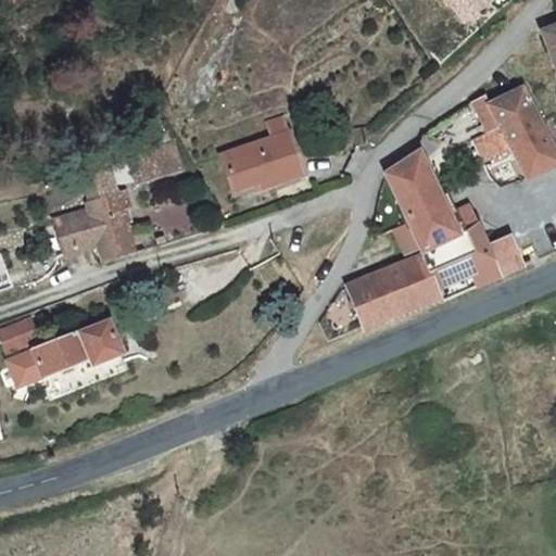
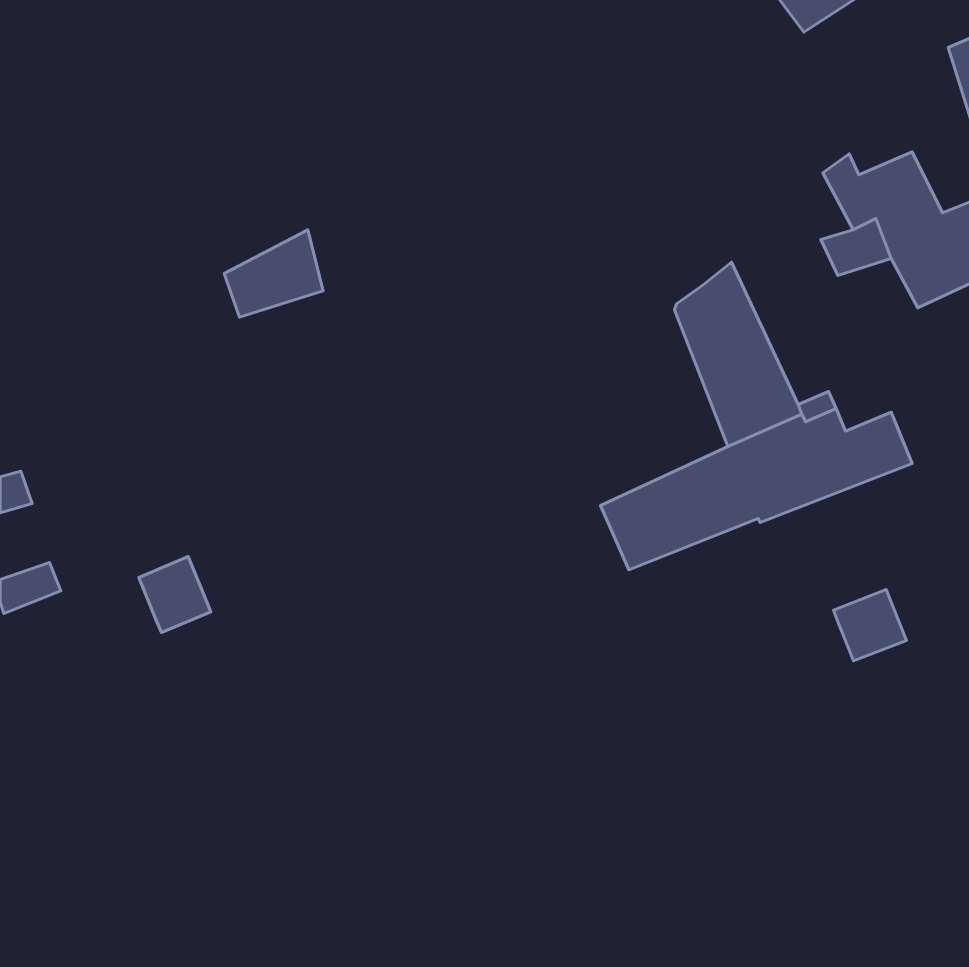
building: [225,115,306,187] -> none
building: [53,166,137,260] -> none
building: [8,330,90,384] -> none
building: none -> [833,590,907,661]

